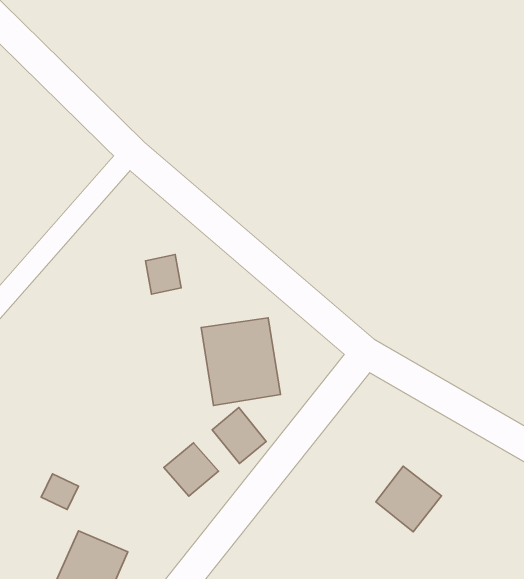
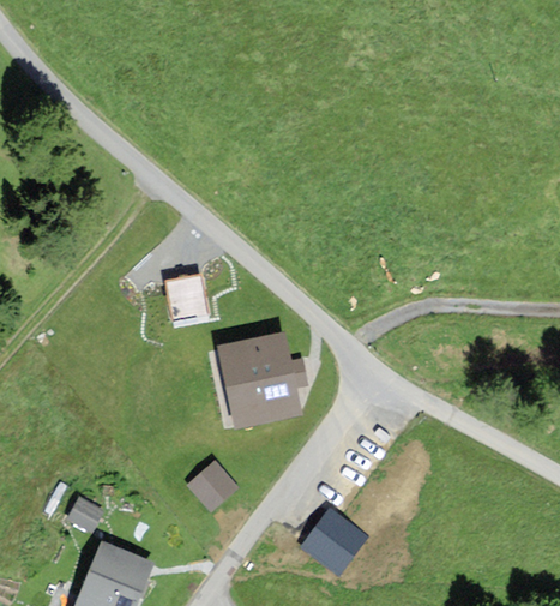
building: [212,408,266,464] -> none
building: [376,466,442,532] -> [301,509,365,572]

